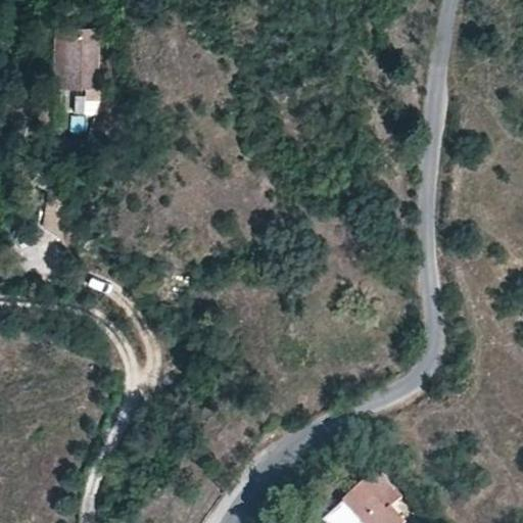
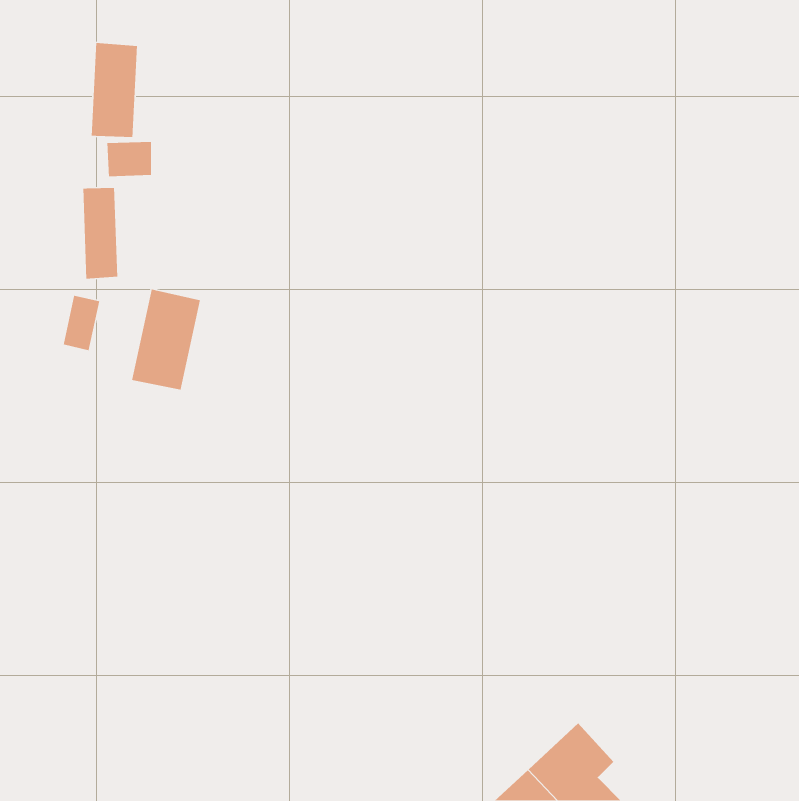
building: none -> [82,187,118,279]
building: none -> [131,289,201,391]

